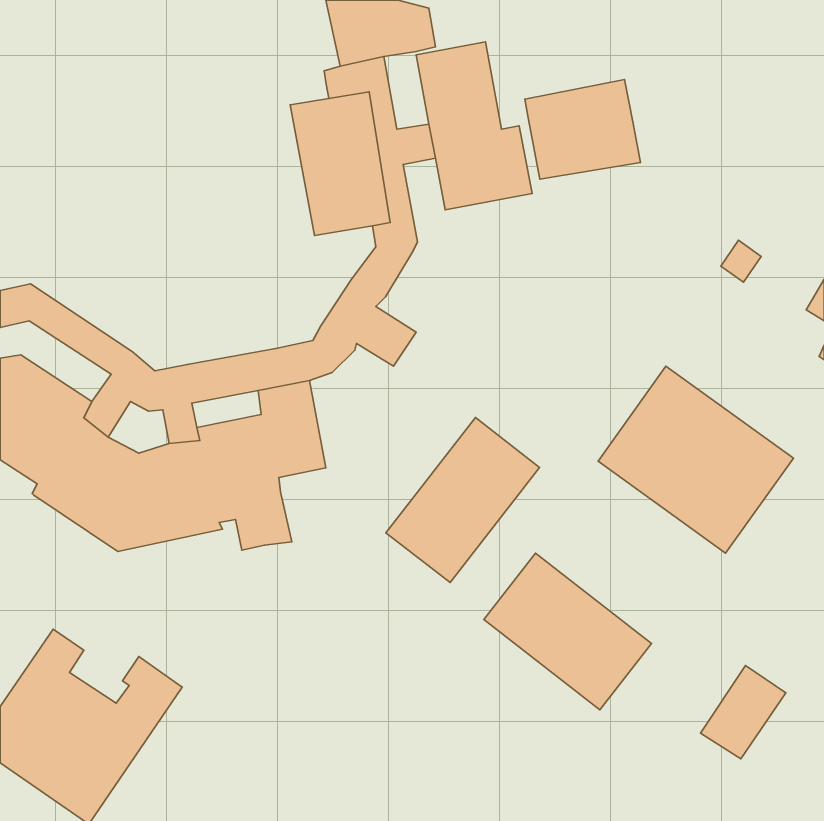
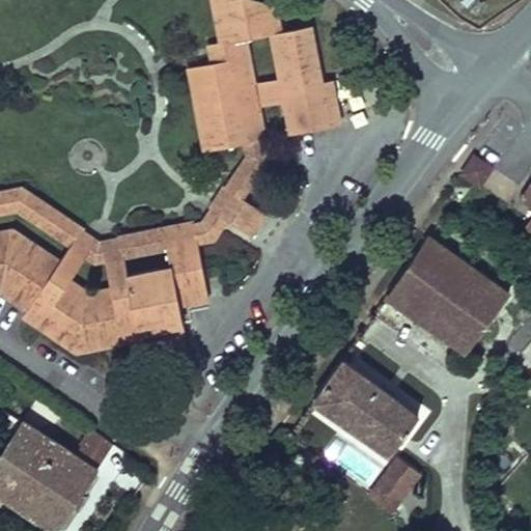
building: [525,80,641,179] -> none
building: [386,418,540,583] -> none
building: [700,665,786,759] -> [366,456,421,516]

